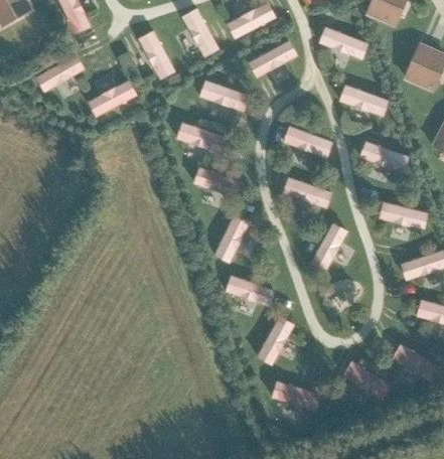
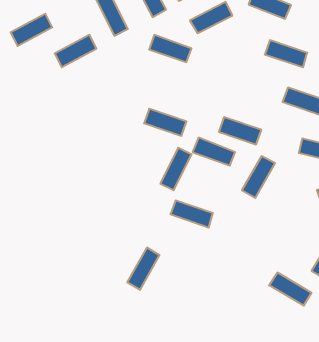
building: [176,121,227,153] -> none
building: [283,124,333,157] -> [193,138,235,166]
building: [256,315,294,365] -> [127,248,160,290]
building: [271,380,321,410] -> none

